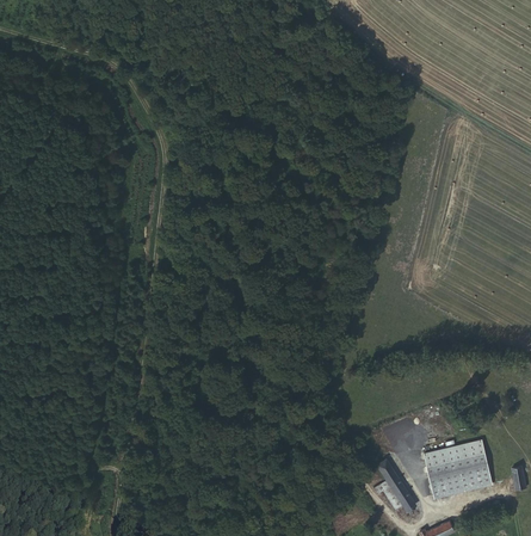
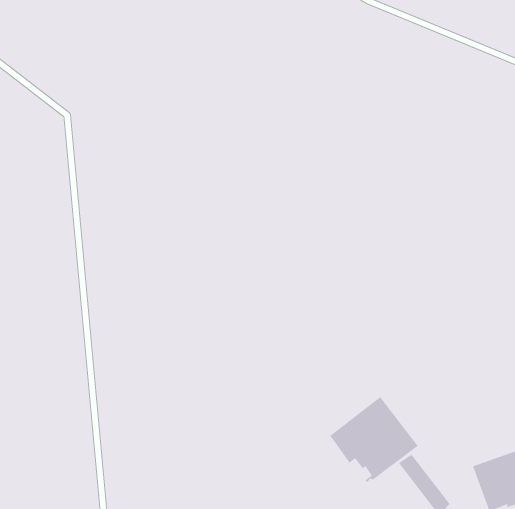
building: none -> [329,396,419,483]

